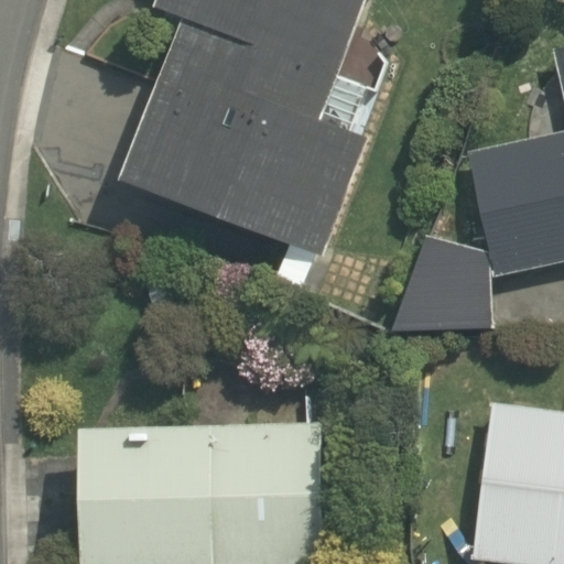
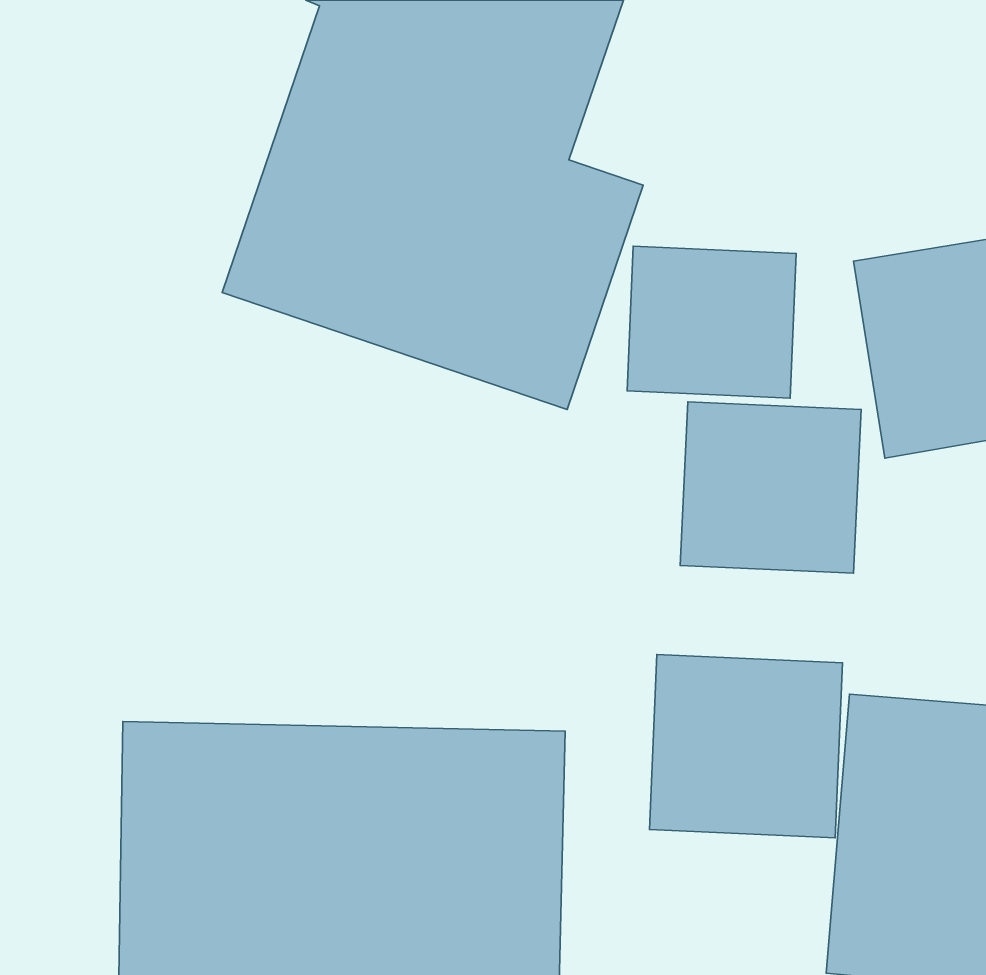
building: none -> [627,246,796,398]
building: none -> [649,654,842,838]

